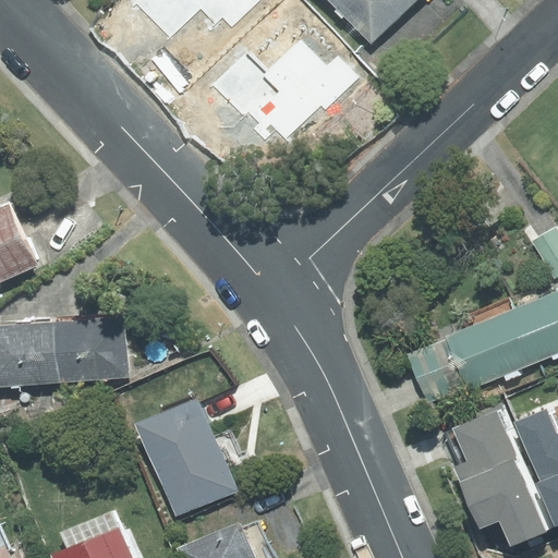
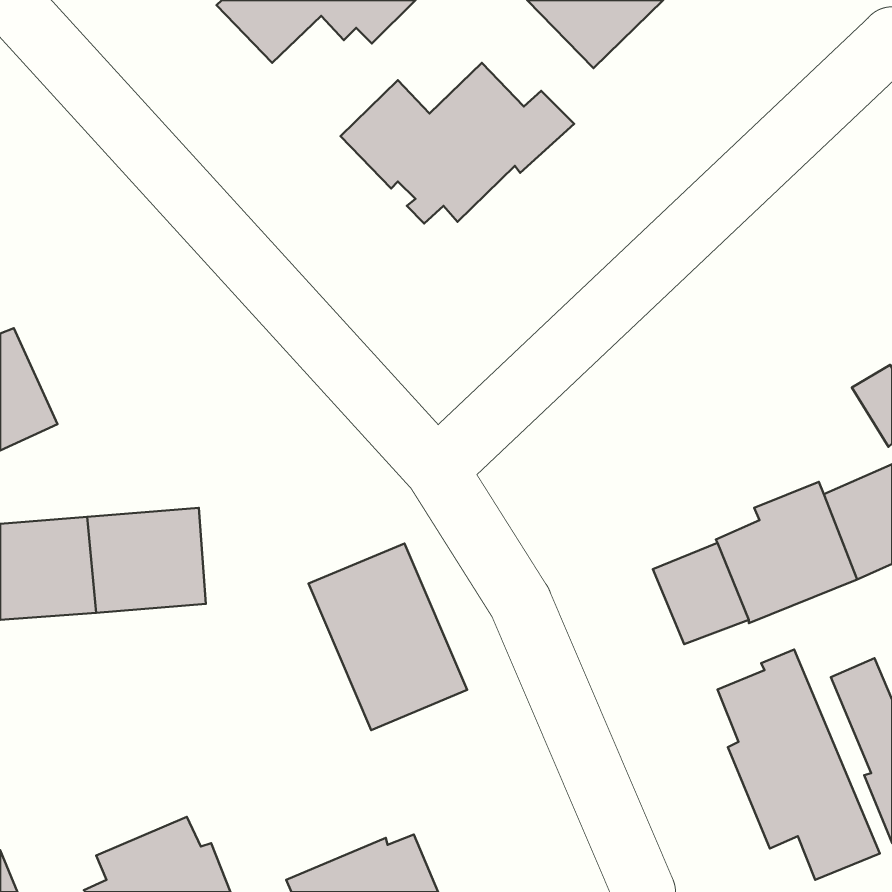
building: [137,399,236,515] -> [308,543,467,730]

